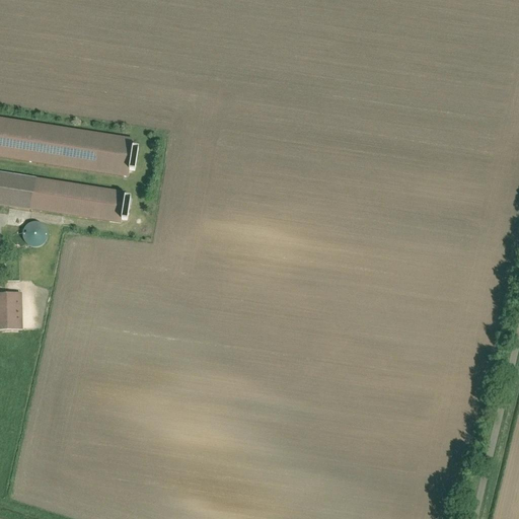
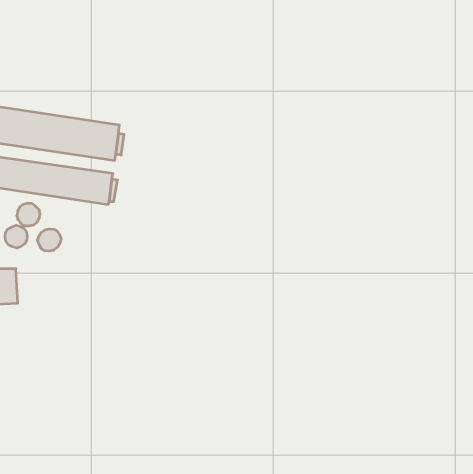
building: none -> [5,225,27,248]
building: none -> [38,229,61,251]

